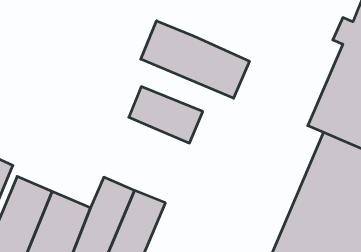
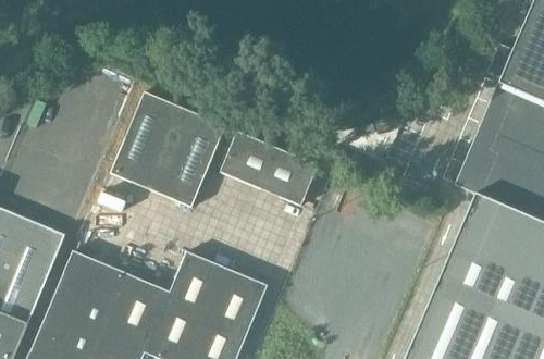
building: [141,21,249,98] -> none
building: none -> [110,94,225,209]

